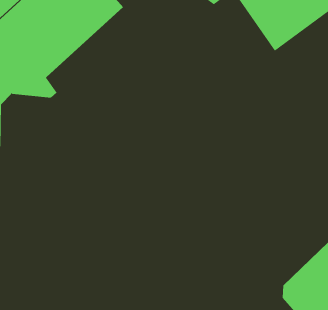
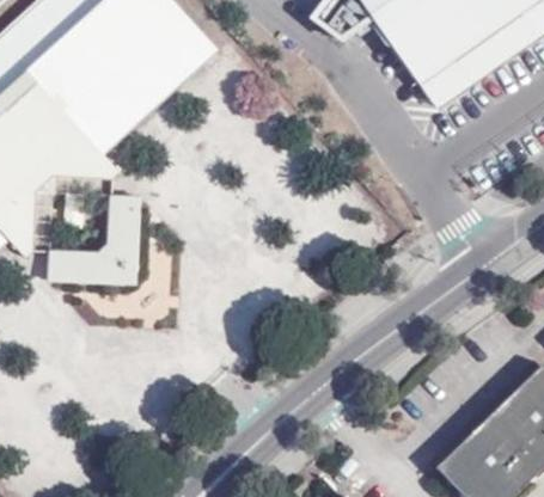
building: none -> [49,194,143,282]

